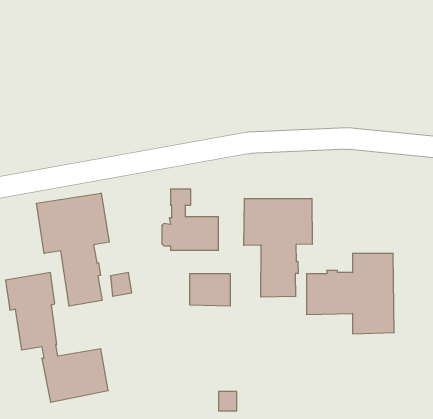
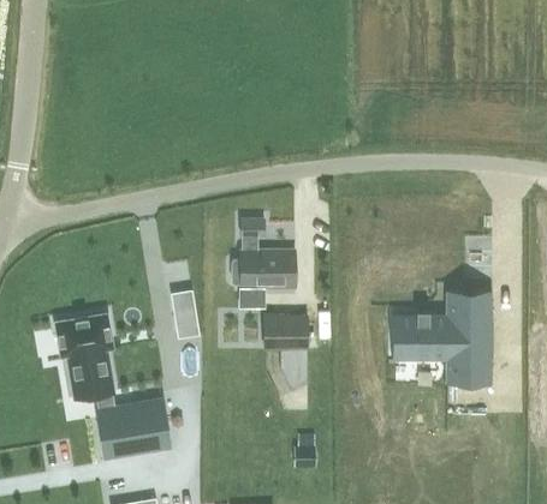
building: [37,193,109,306] -> none
building: [244,198,312,297] -> none

